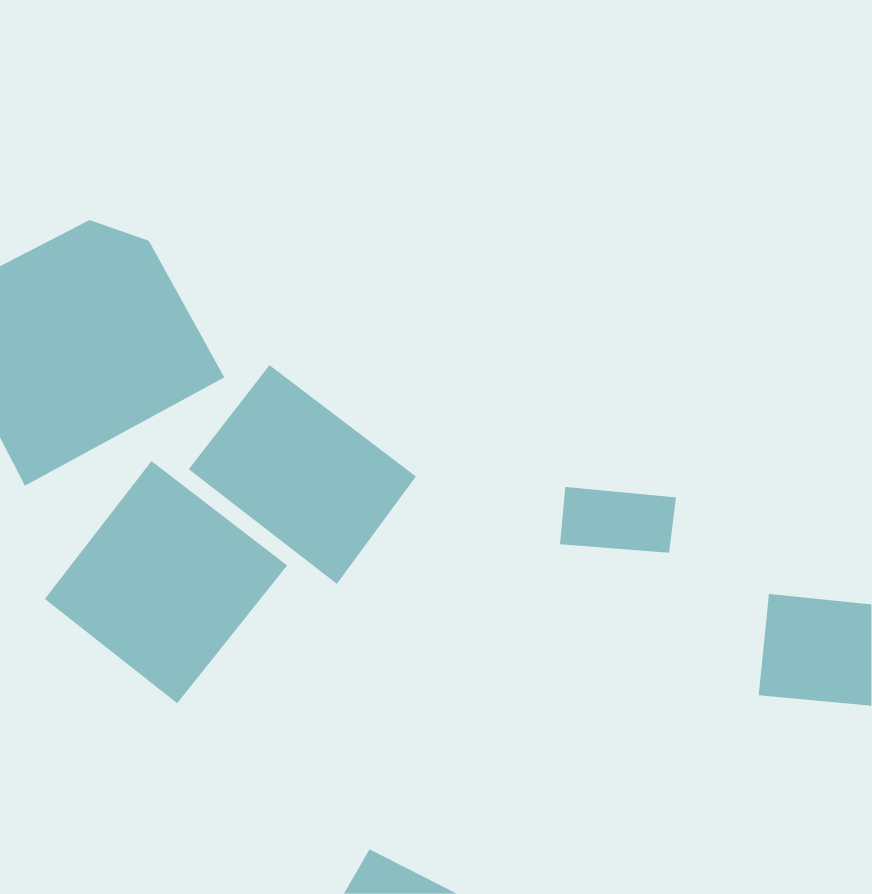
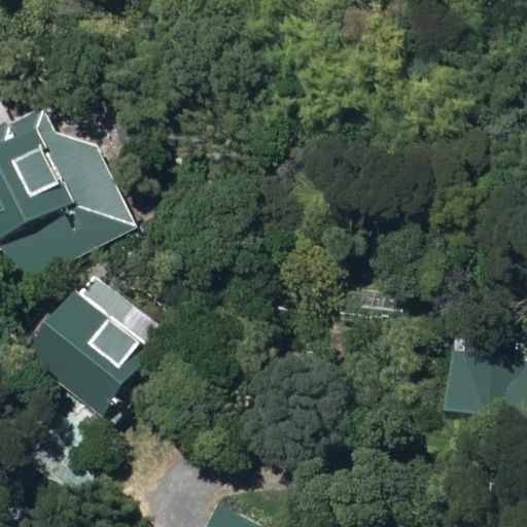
building: [188,364,417,585] -> none

